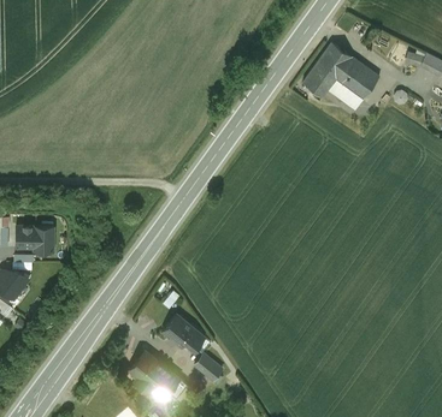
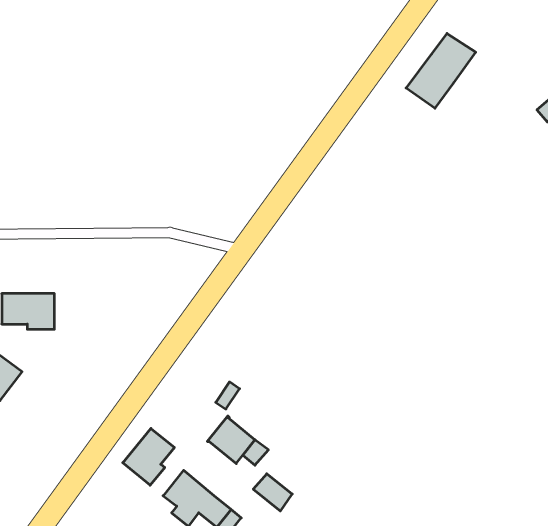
building: [336,56,391,97] -> none
building: none -> [123,428,174,485]

